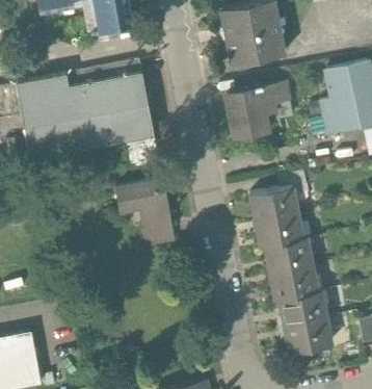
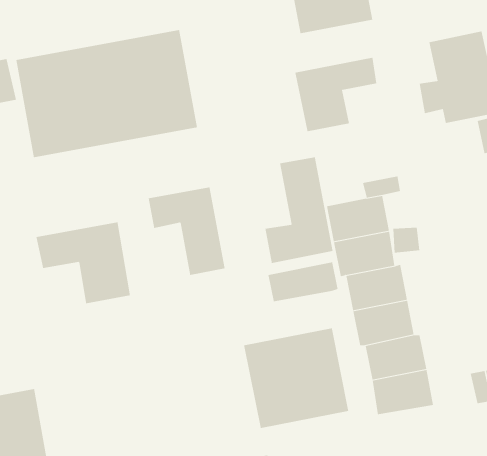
building: none -> [265,156,333,264]
building: none -> [36,222,130,304]
building: none -> [268,261,338,302]
building: none -> [244,327,349,429]

